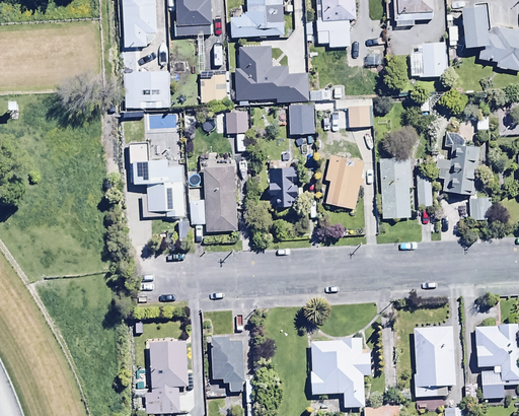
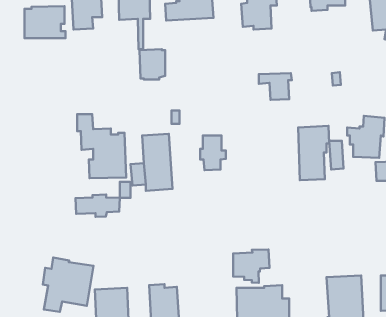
building: [410,42,447,76] -> none
building: [234,46,321,134] -> none
building: [124,70,170,107] -> [24,6,65,38]
building: [226,114,246,133] -> none
building: [324,154,366,209] -> none
building: none -> [76,195,120,217]
building: none -> [233,250,269,283]
building: none -> [43,257,94,312]

